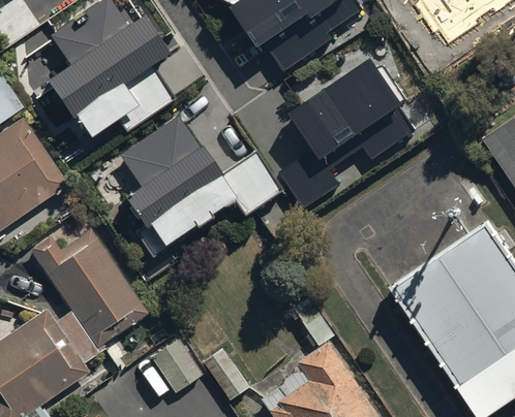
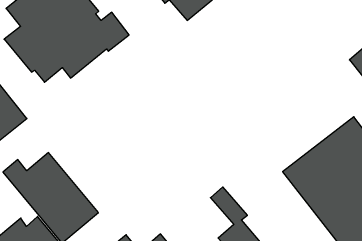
building: [277,61,417,212] -> none
building: [120,119,282,261] -> none

